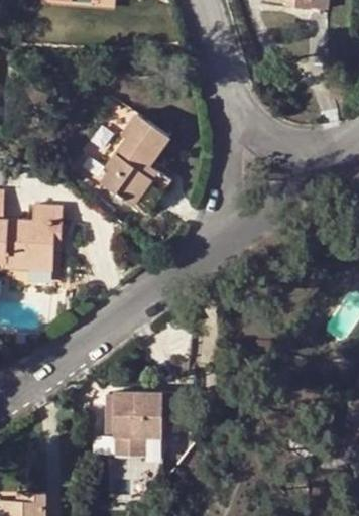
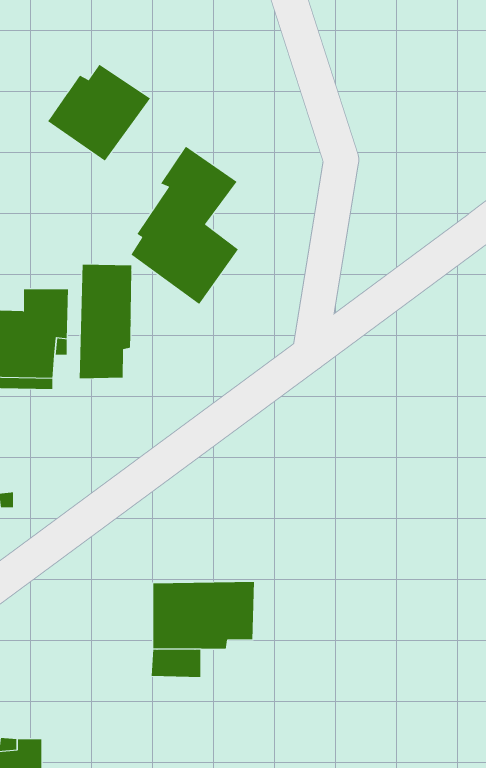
building: none -> [47,64,151,161]
building: none -> [79,264,132,379]

